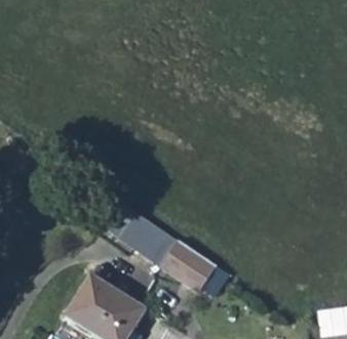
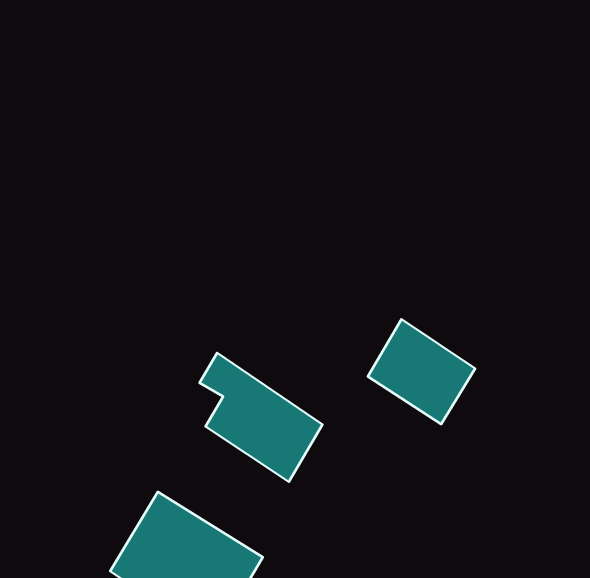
building: [160,239,216,293] -> [368,319,475,424]

